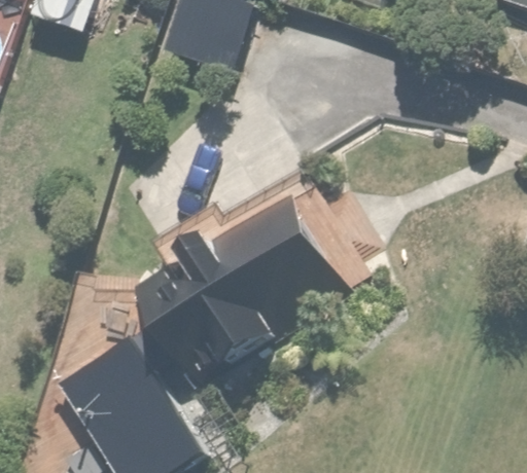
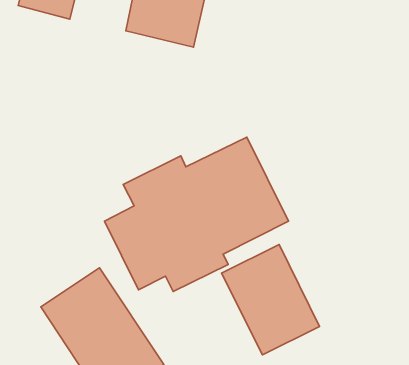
building: none -> [222,244,320,355]

